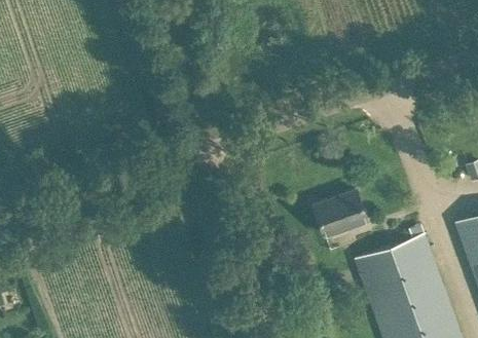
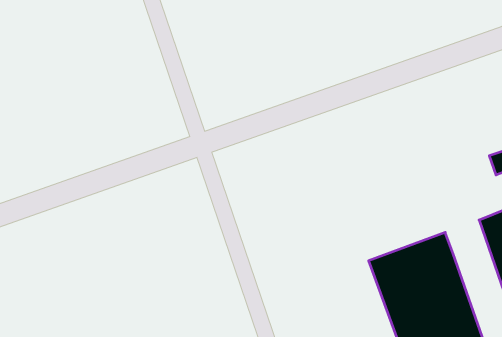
building: [314,191,368,237] -> none

